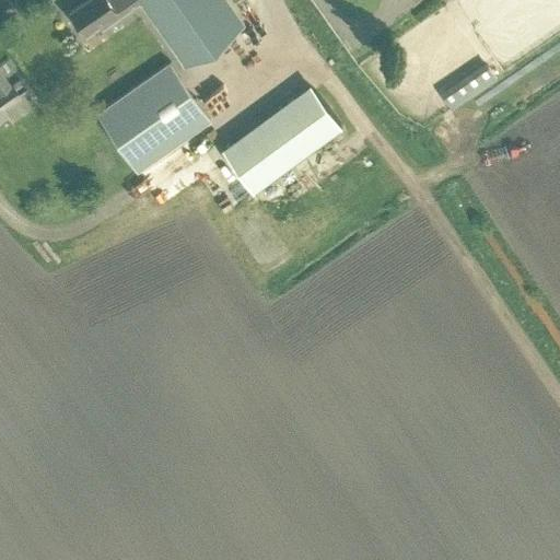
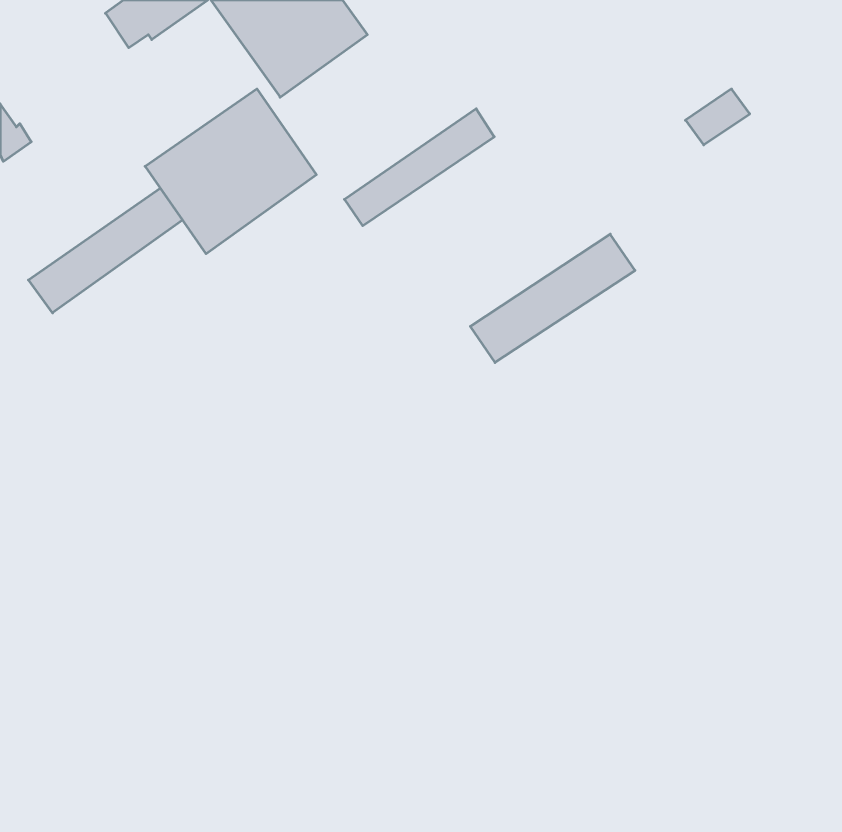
building: [238,98,348,184] -> [470,234,635,363]
building: none -> [28,188,183,313]

